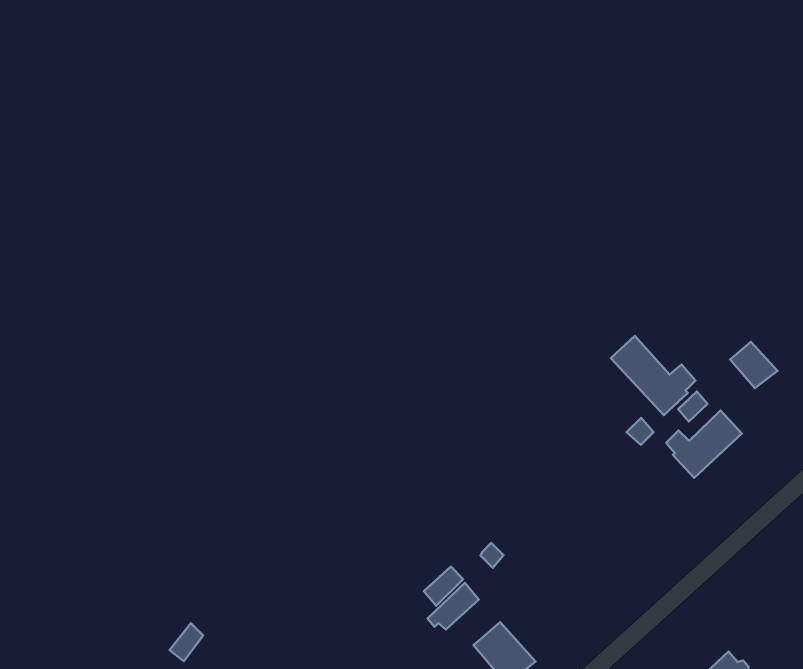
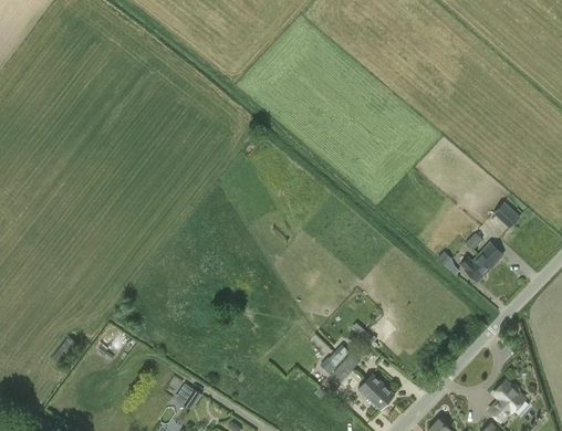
building: [611,336,695,415] -> none

